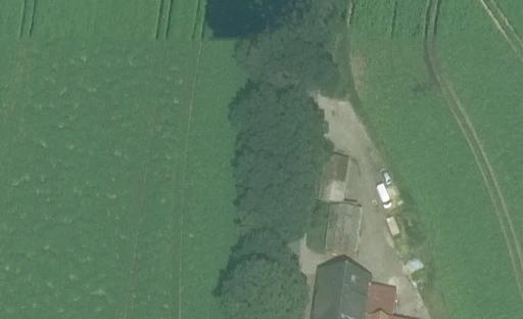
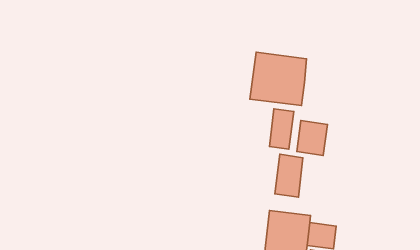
building: none -> [250,52,306,105]
building: none -> [297,120,327,156]

